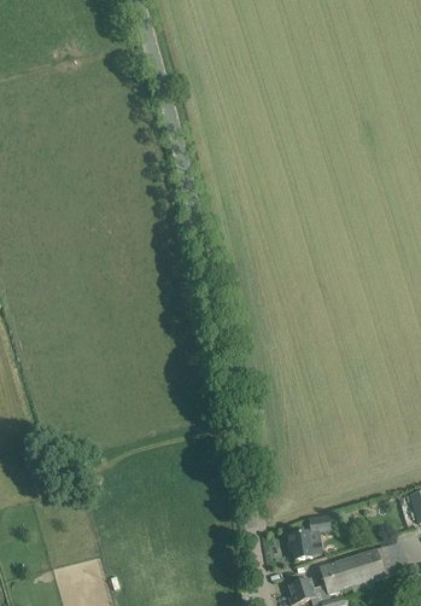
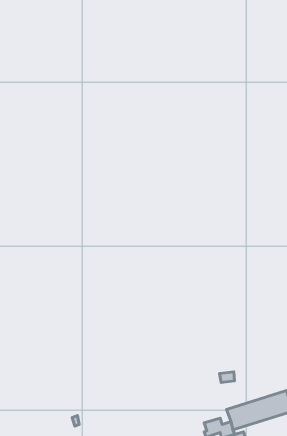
building: [286,530,320,558] -> none

